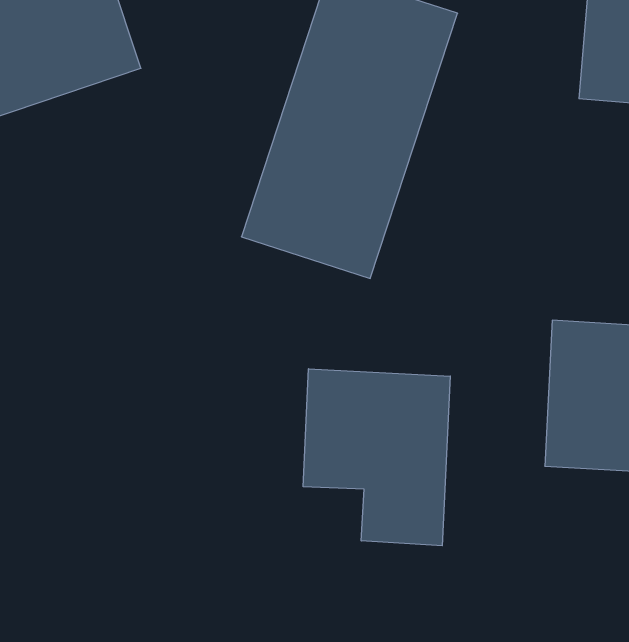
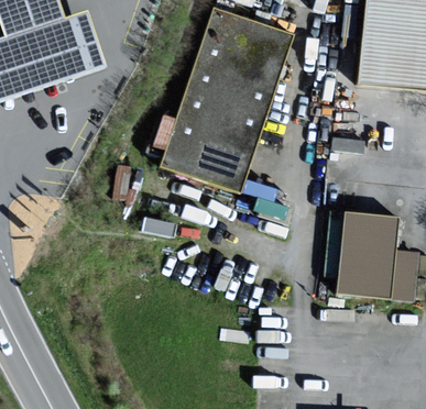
building: [303,369,450,546] -> none

